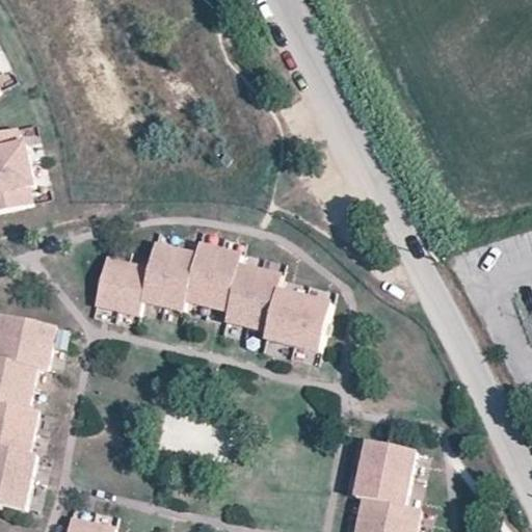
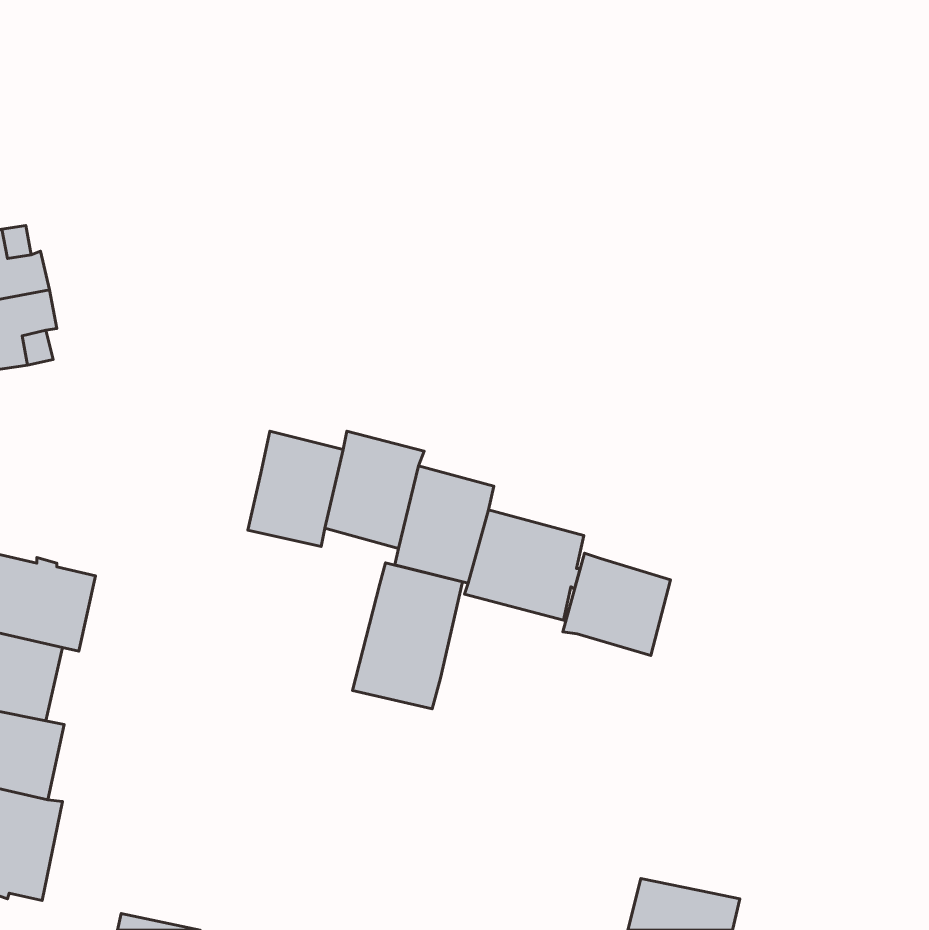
building: [94,257,148,314] -> none
building: none -> [563,553,671,656]
building: none -> [353,563,462,709]
building: [353,441,415,506] -> none

